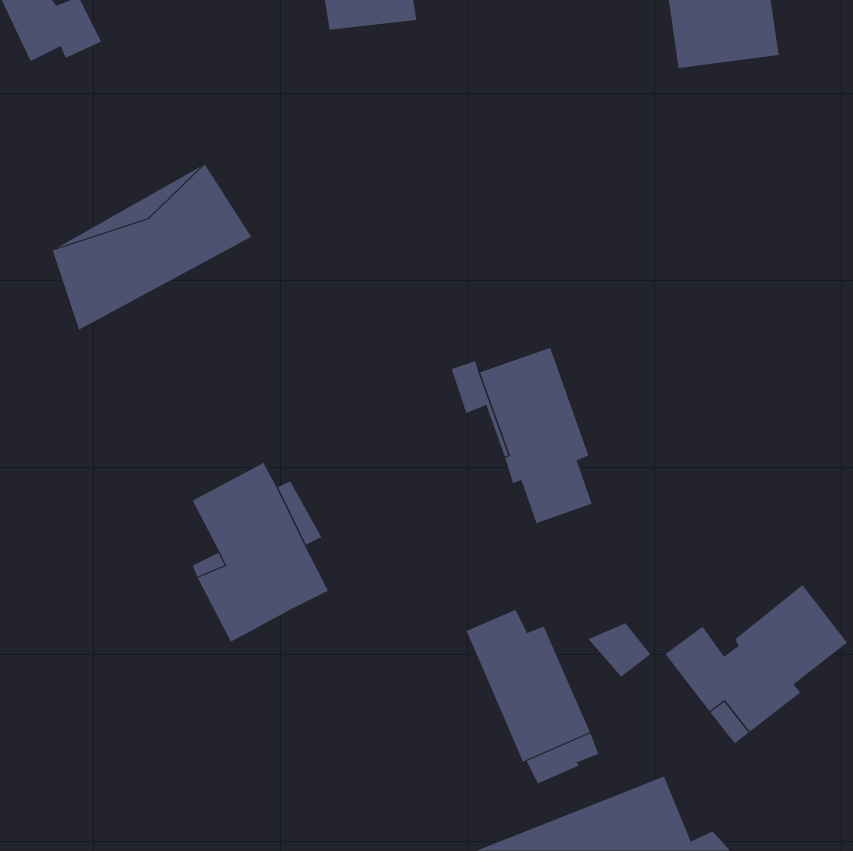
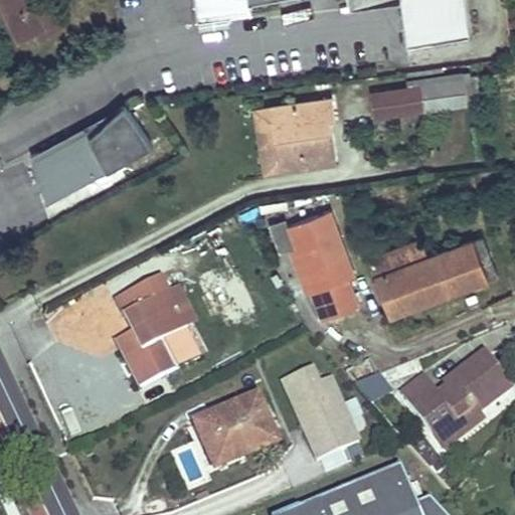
building: none -> [374,81,465,116]
building: none -> [259,101,332,169]
building: none -> [370,233,499,314]
building: none -> [192,399,271,463]

